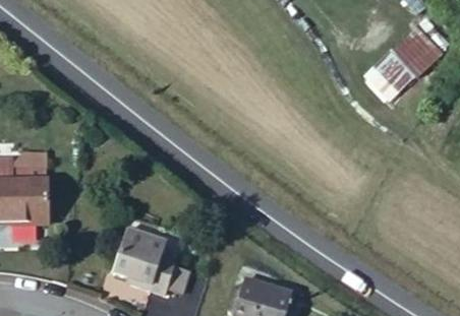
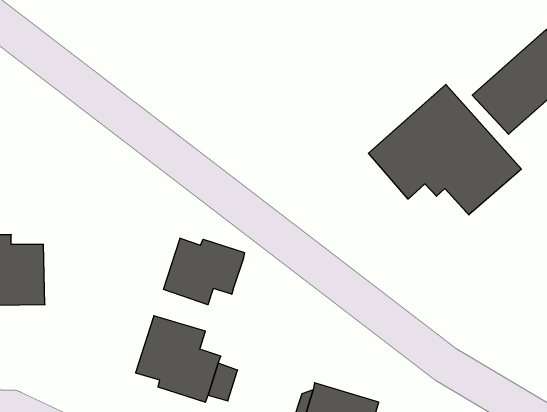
building: none -> [368,84,521,215]
building: none -> [163,238,245,305]

